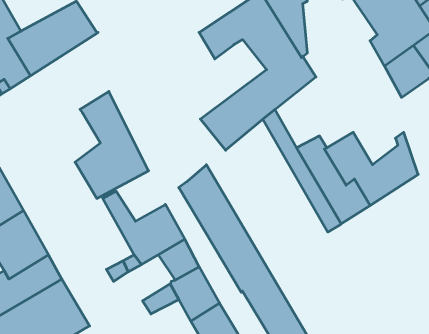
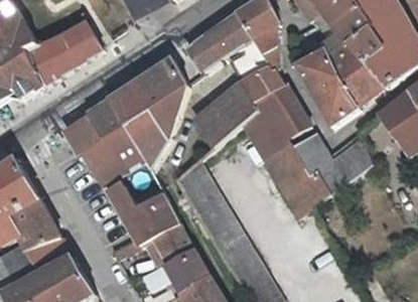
building: none -> [298,45,359,124]
building: none -> [111,55,187,162]
building: none -> [250,82,310,143]
building: none -> [62,114,104,157]

